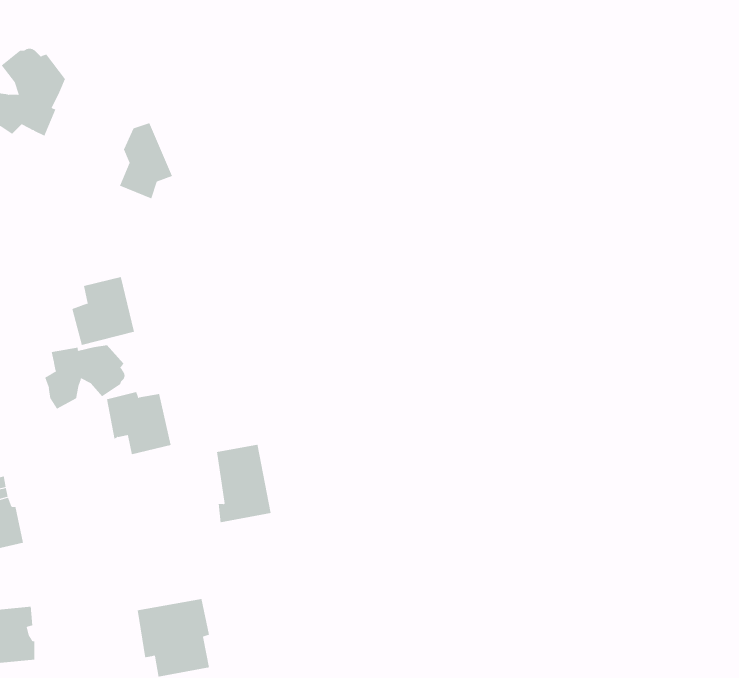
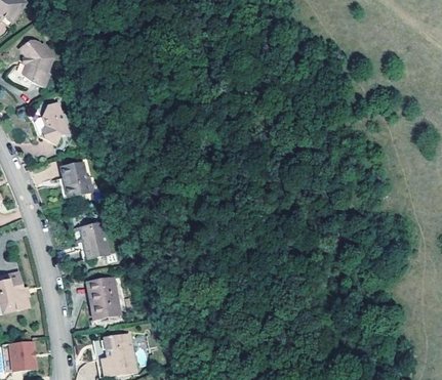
building: [119,122,173,199] -> [44,102,73,143]
building: [44,344,125,409] -> none
building: [216,444,272,523] -> [90,276,120,318]

